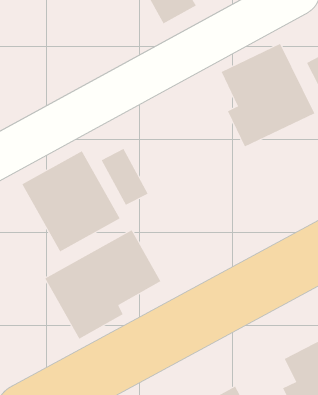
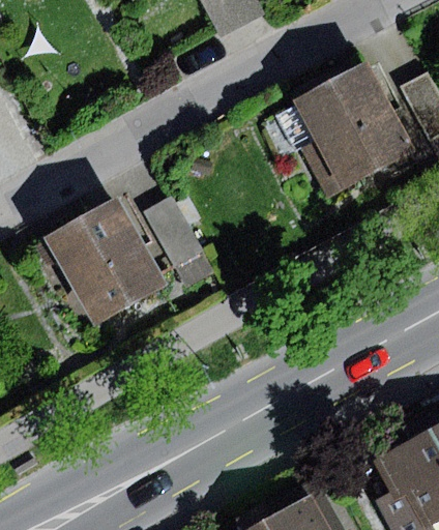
building: [45,230,161,339] -> none

